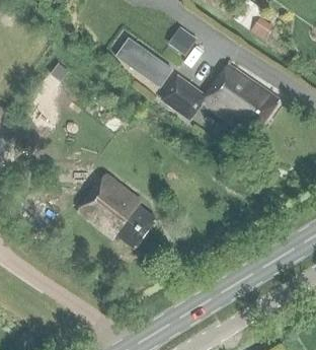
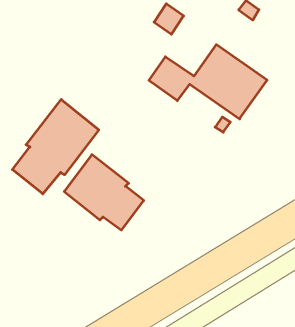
building: [115,39,171,87] -> none
building: none -> [12,99,99,194]

